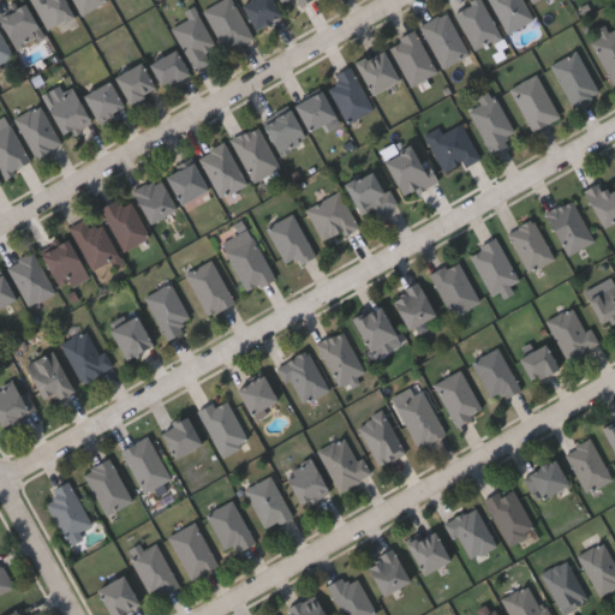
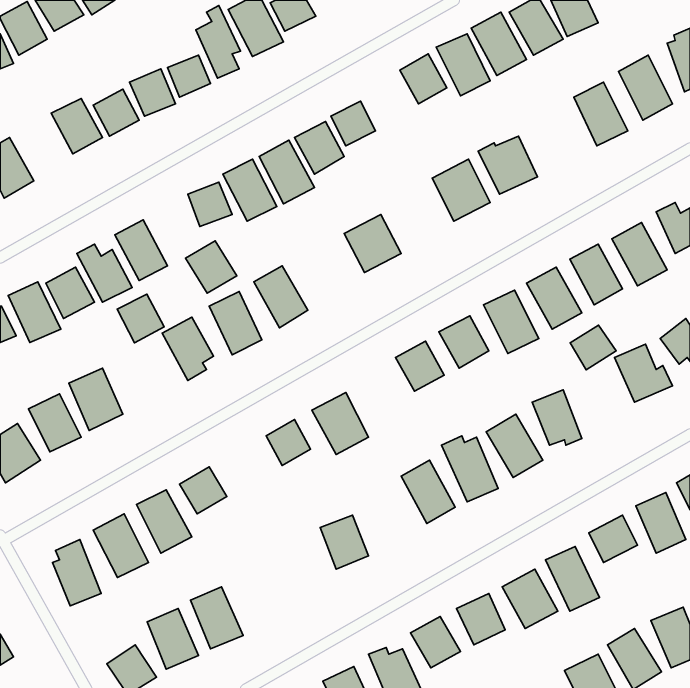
building: [324,67,374,124] -> none
building: [470,96,513,154] -> none
building: [13,106,61,159] -> none
building: [345,168,395,215] -> none
building: [131,177,177,223] -> [185,241,237,293]
building: [267,214,314,269] -> none
building: [109,316,151,359] -> [117,294,164,343]
building: [317,332,364,387] -> none
building: [518,344,559,383] -> [570,325,616,370]
building: [199,398,247,456] -> none
building: [321,437,368,491] -> none
building: [245,477,291,531] -> none
building: [207,501,255,556] -> none

